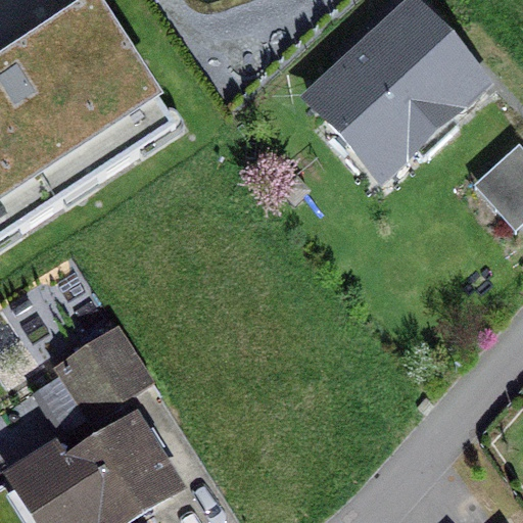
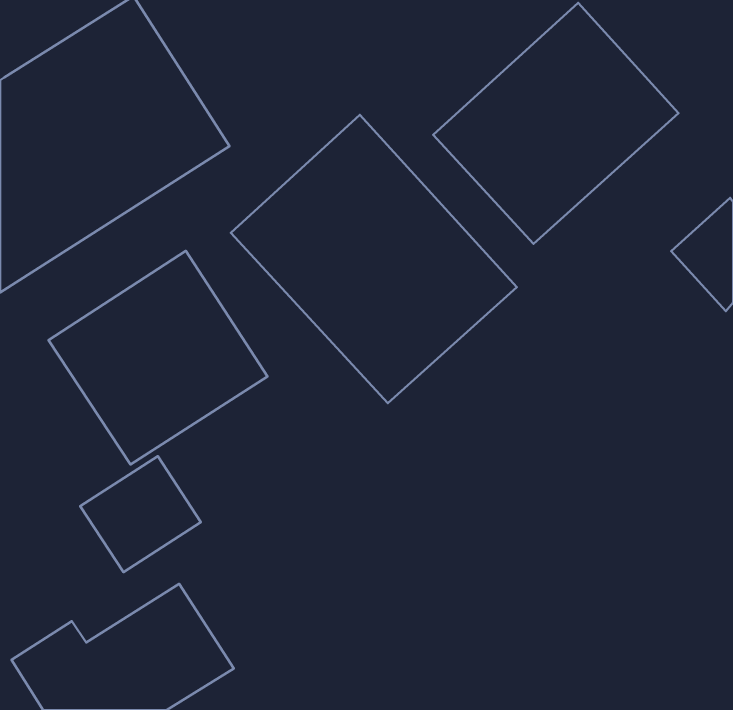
building: none -> [231,115,517,403]
building: none -> [48,251,267,465]

